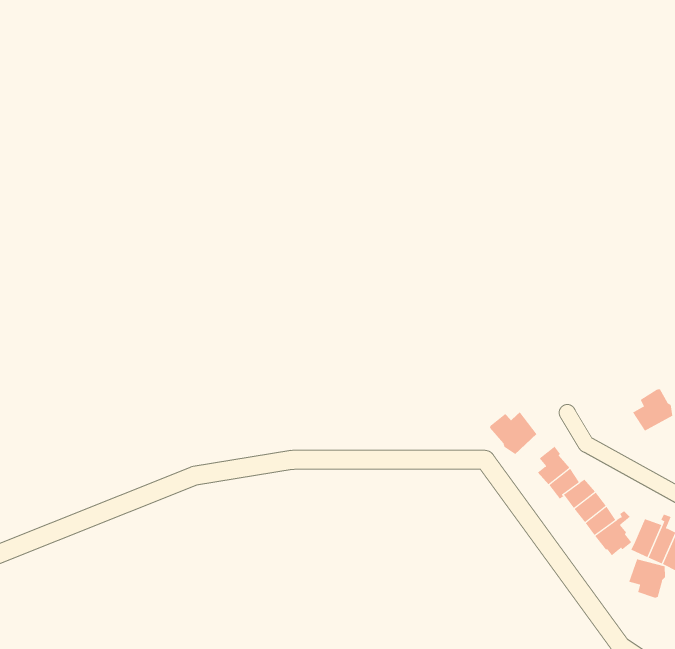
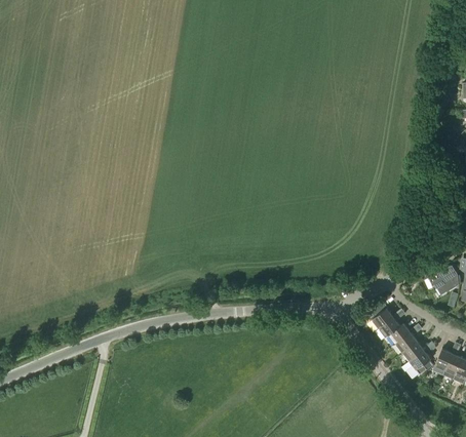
building: [490,412,537,455] -> none
building: [628,559,665,598] -> none

